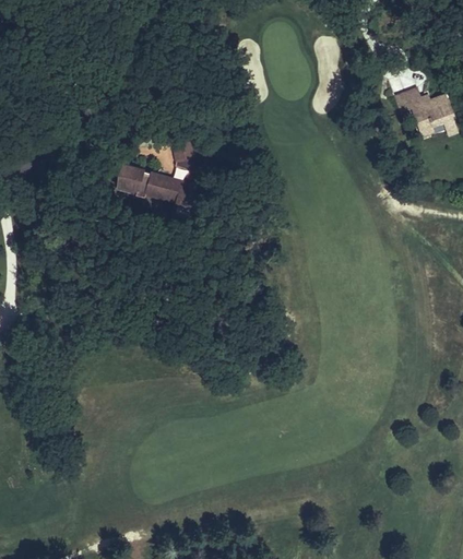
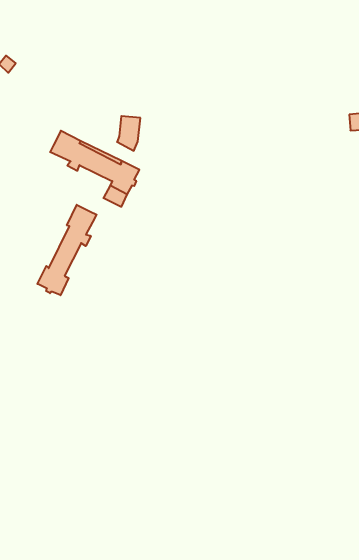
building: none -> [37,205,97,295]

